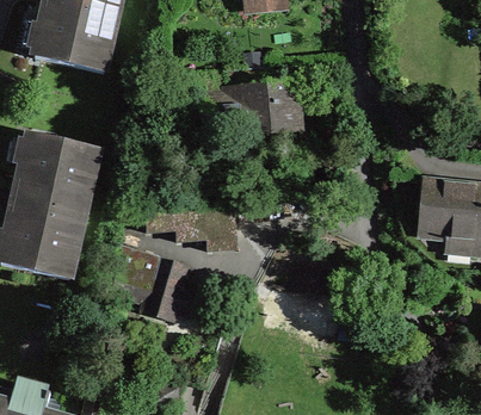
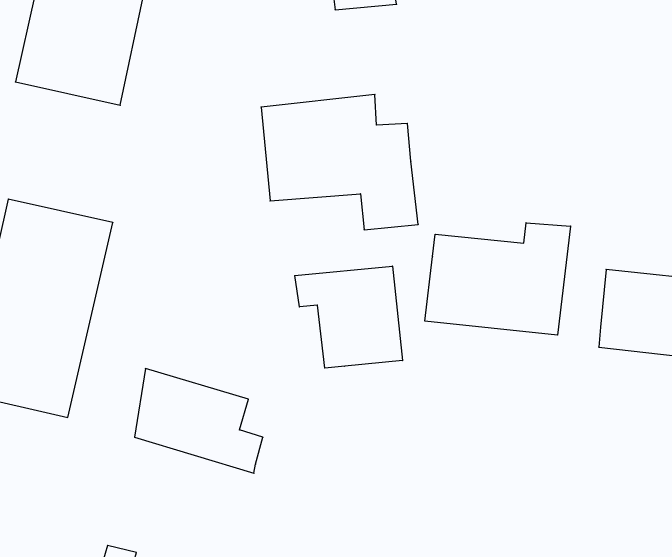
building: none -> [425,223,571,335]
building: none -> [295,266,403,368]

